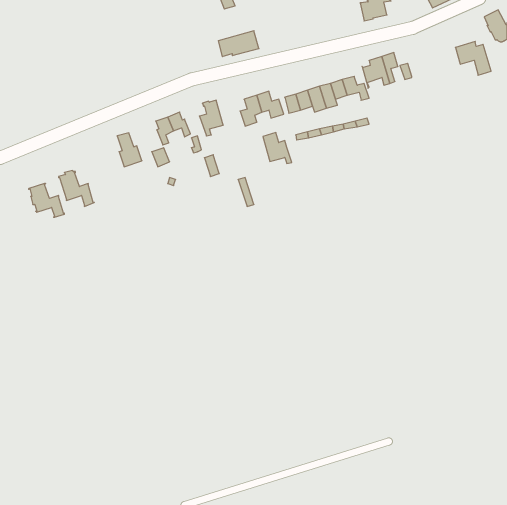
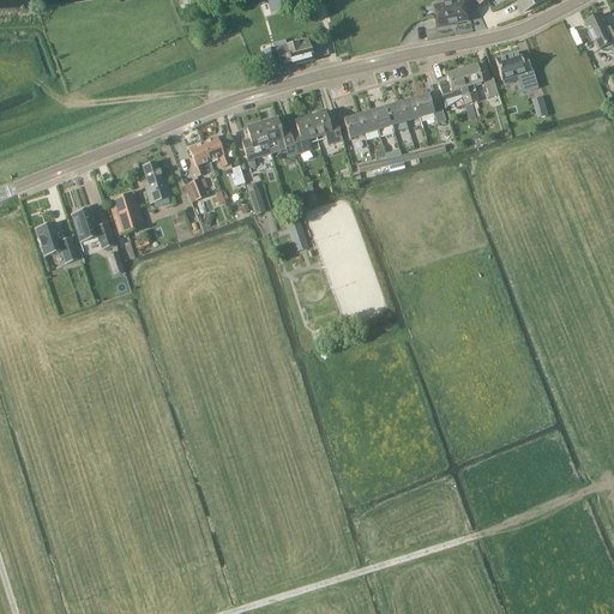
building: [455,41,491,75] -> [495,50,538,91]
building: [263,133,292,163] -> [261,116,296,154]
building: none -> [108,191,144,233]

